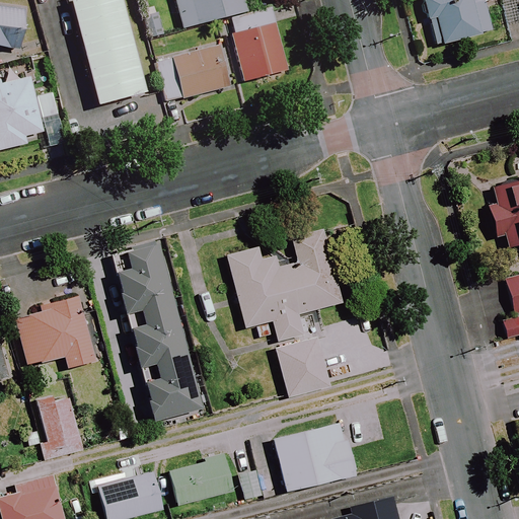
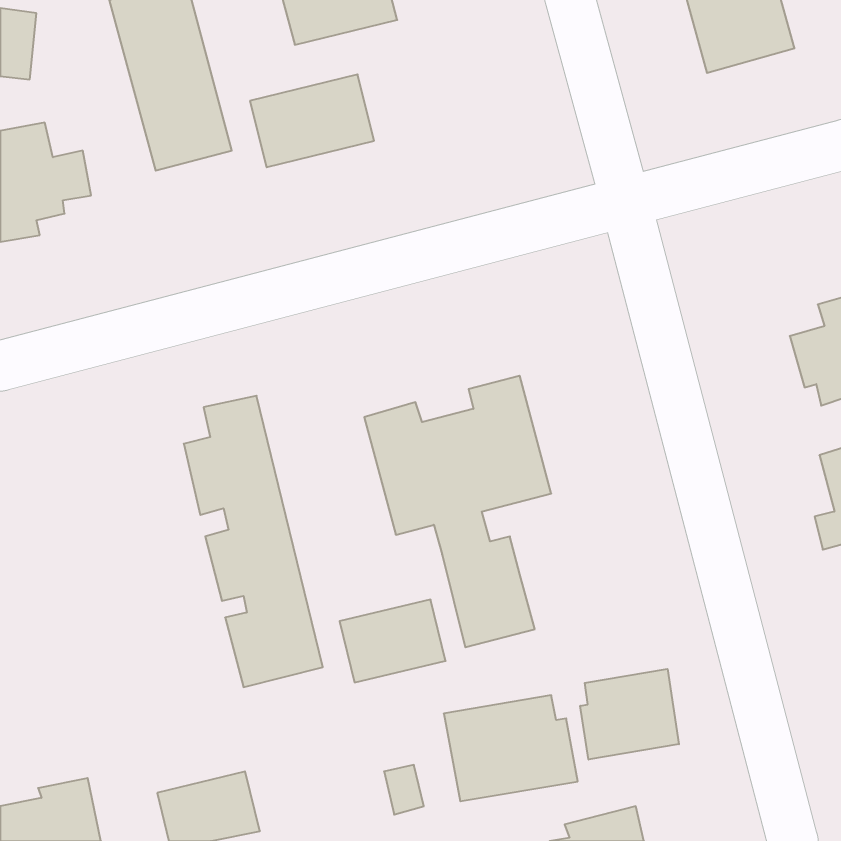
building: [229,9,289,81] -> none
building: [15,295,97,370] -> none
building: [36,396,82,452] -> none
building: none -> [580,669,679,760]
building: [169,456,234,507] -> [340,600,446,682]

